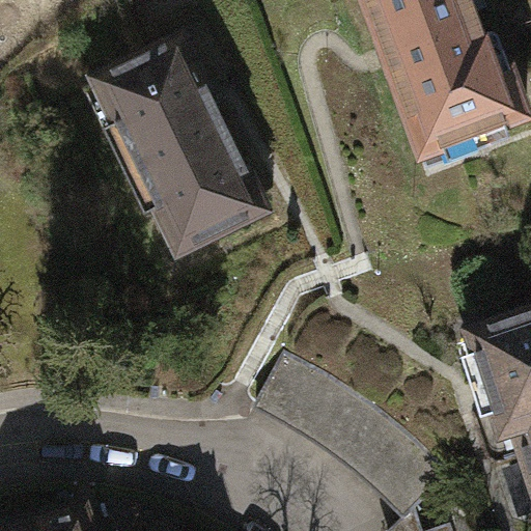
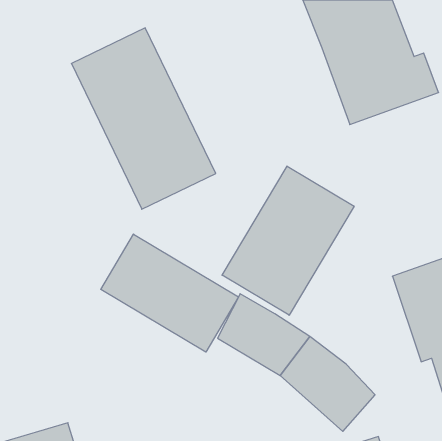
building: none -> [222,166,354,315]
building: none -> [101,234,239,352]

